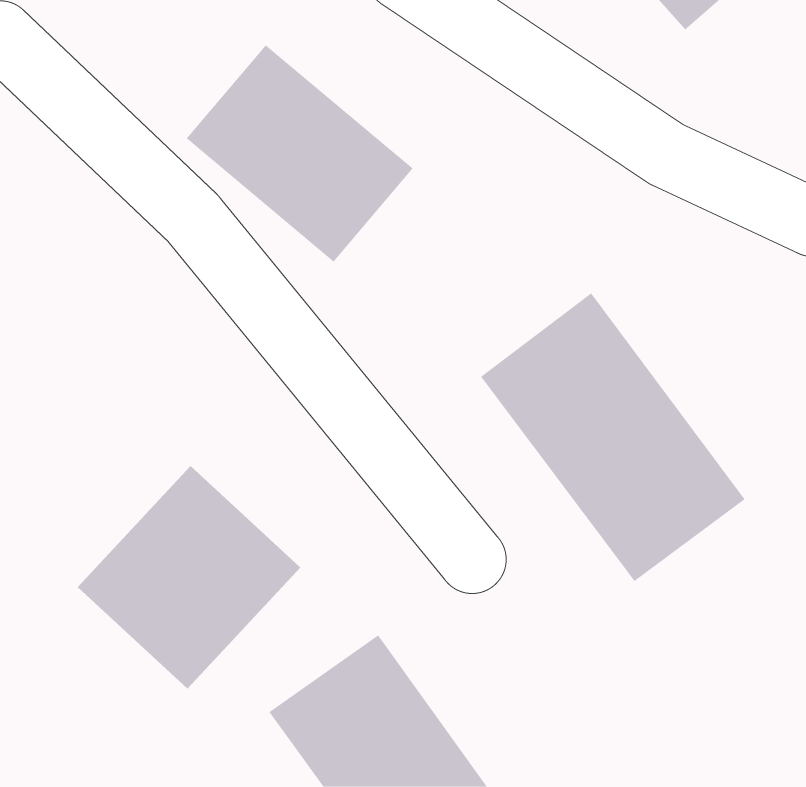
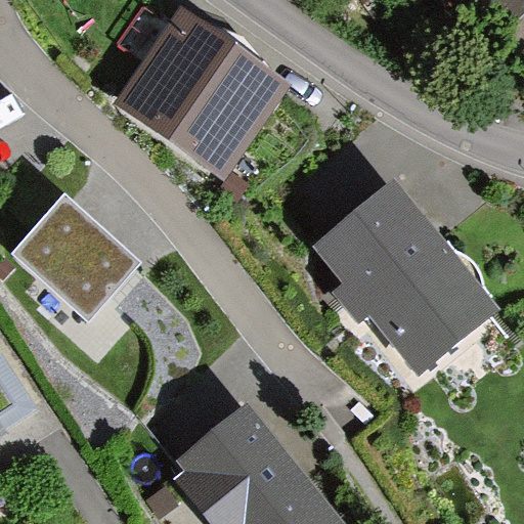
building: none -> [17,191,146,319]
building: [77,465,301,689] -> none

